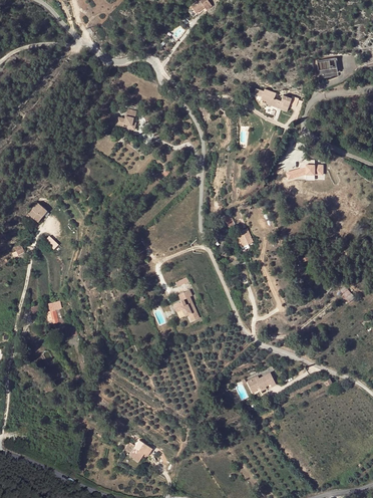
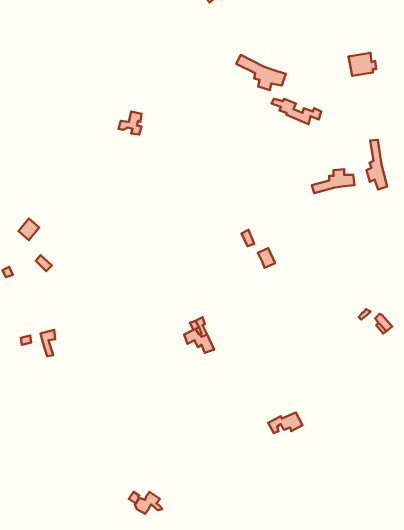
building: none -> [236,55,286,90]
building: none -> [367,140,387,189]

